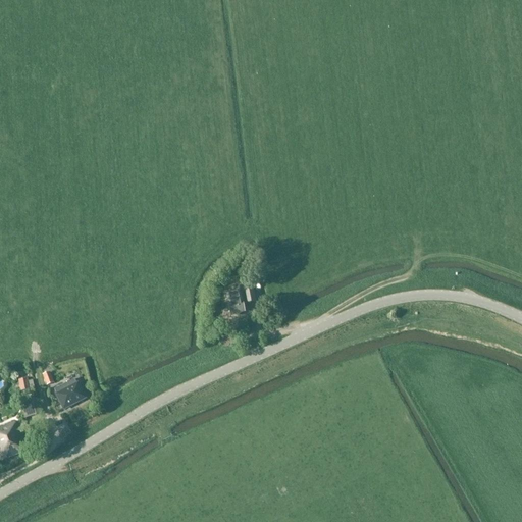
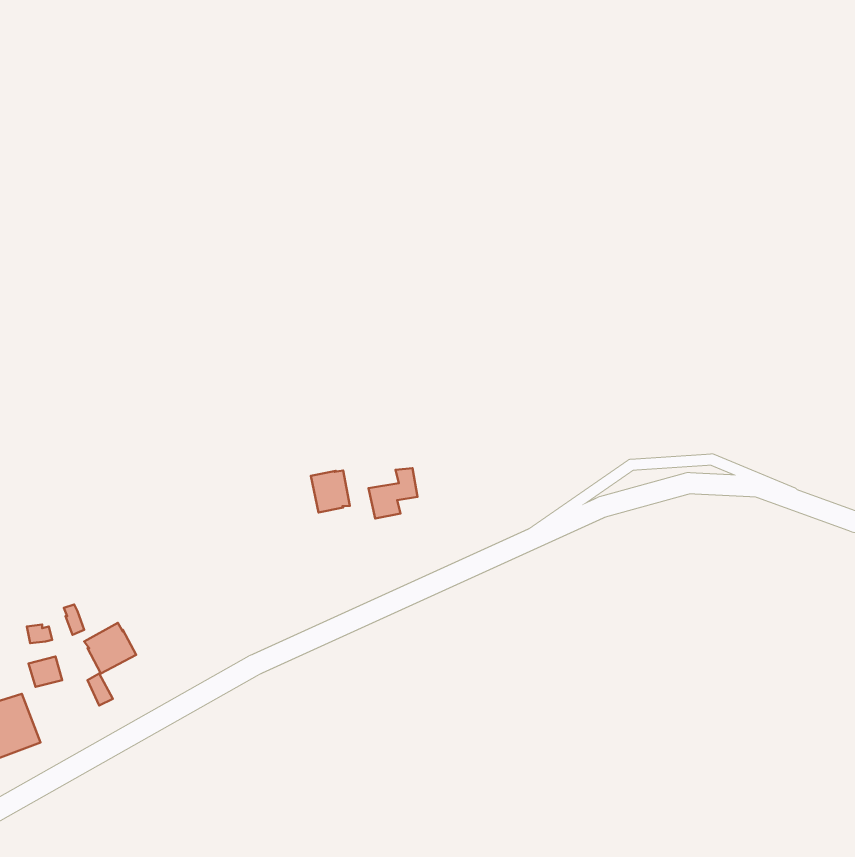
building: none -> [311,471,350,512]

